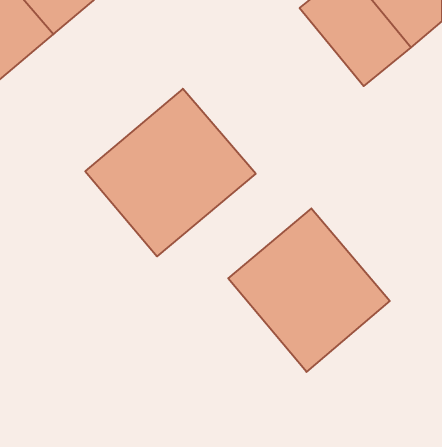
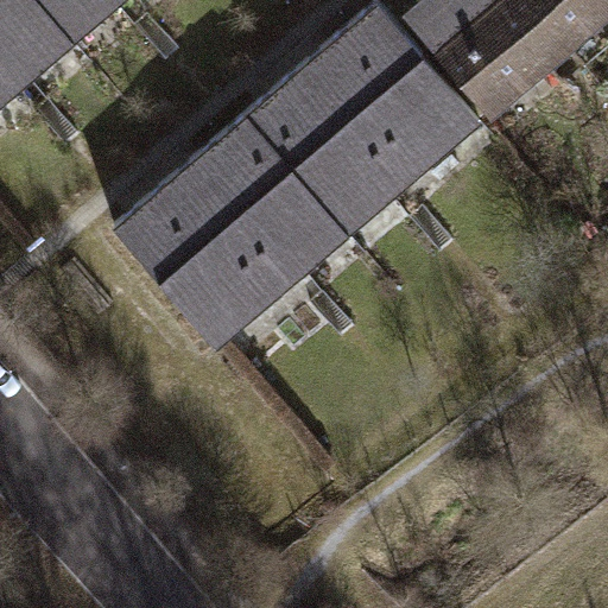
building: none -> [247,7,479,235]
building: [228,208,390,372] -> none

